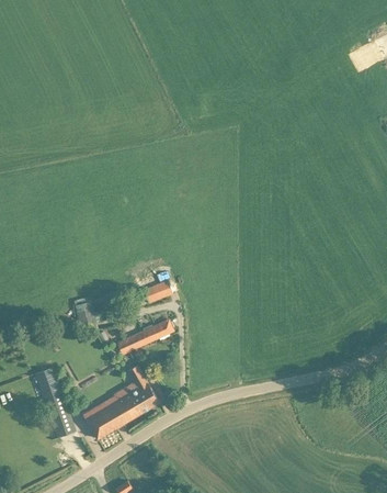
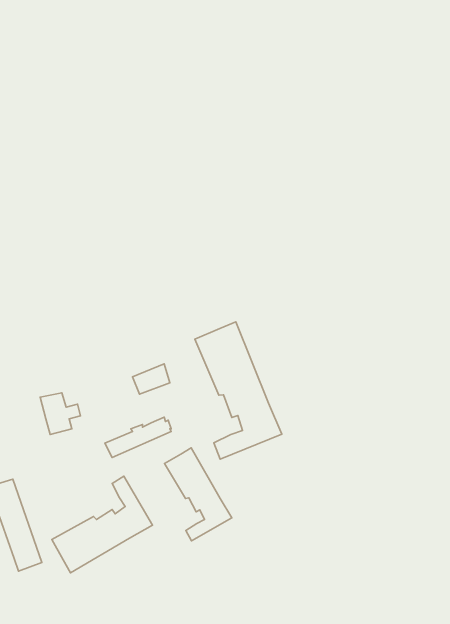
building: none -> [195,322,282,459]
building: none -> [164,448,232,541]

